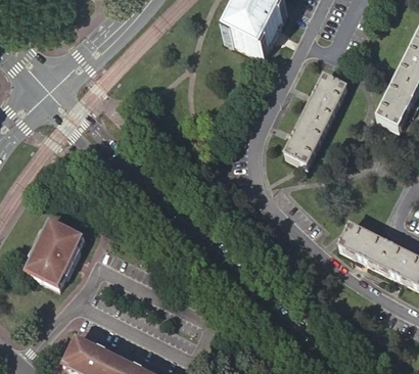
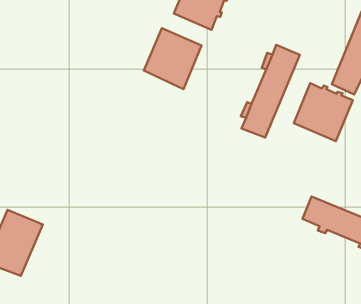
building: none -> [144,28,201,89]
building: none -> [294,83,353,141]

